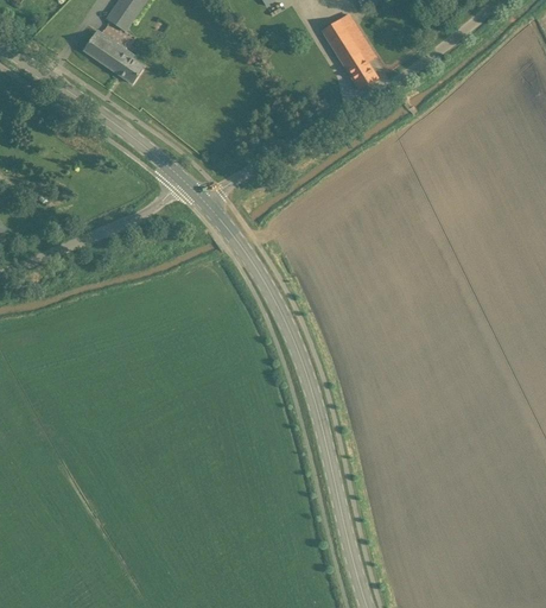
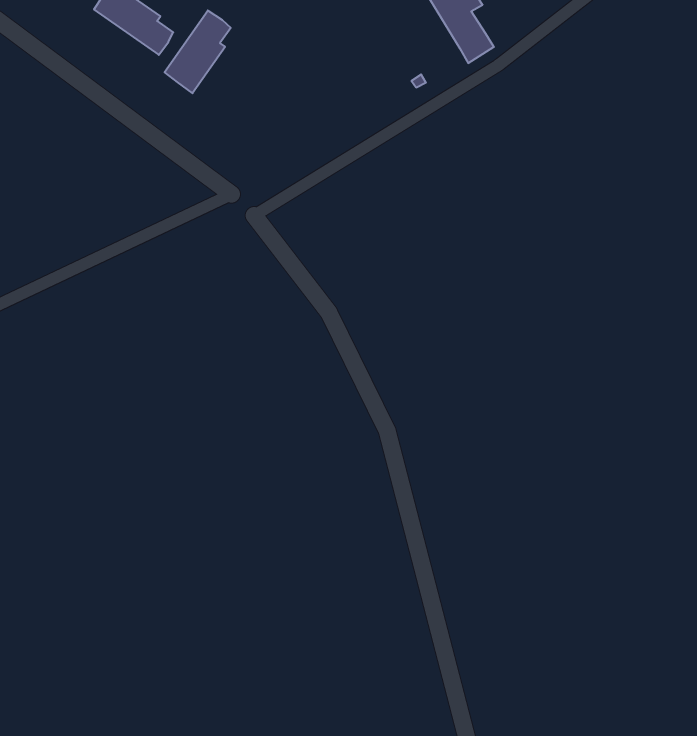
building: none -> [165,10,231,93]

